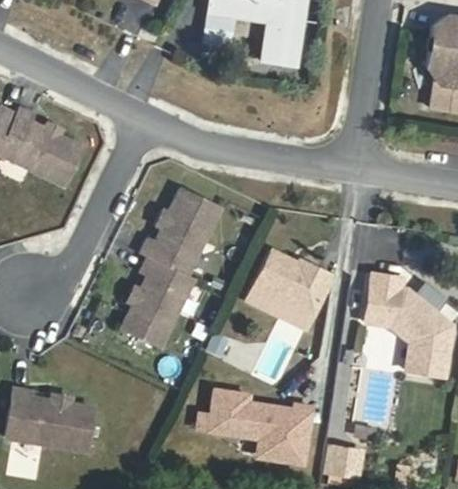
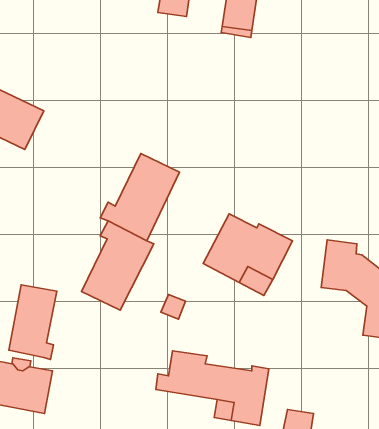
building: none -> [9,285,57,359]

